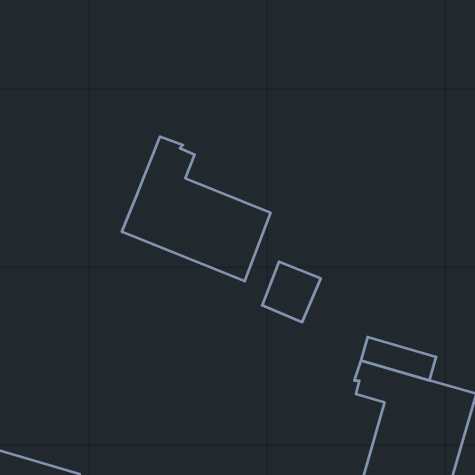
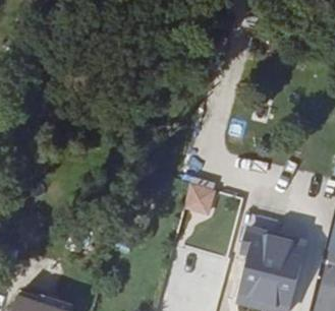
building: [122,137,270,281] -> none

